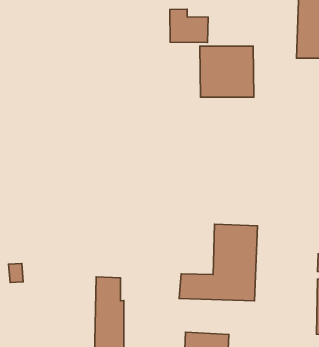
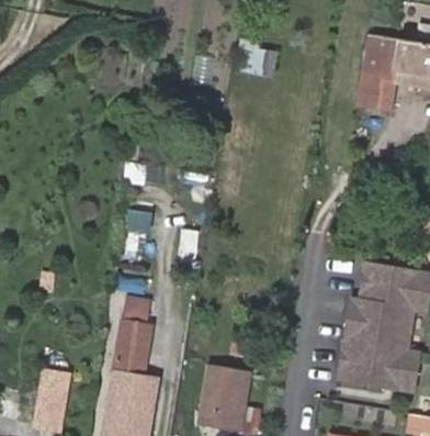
building: [200,46,254,97] -> none
building: [179,224,257,301] -> none

